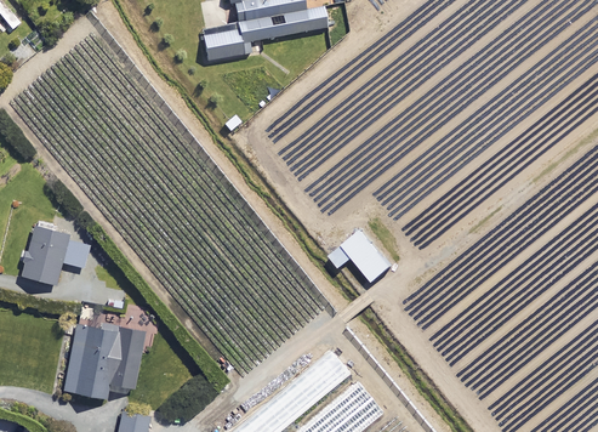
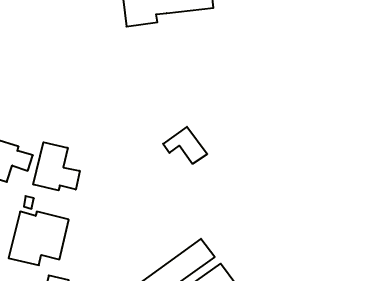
building: none -> [33,142,80,190]
building: [331,232,393,283] -> [163,127,207,164]

